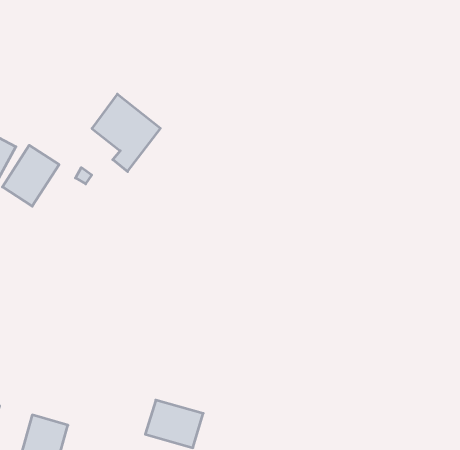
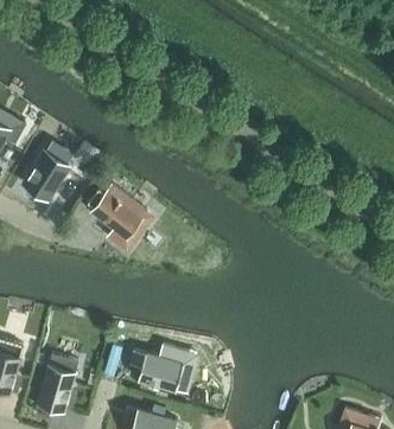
building: [92,94,160,172] -> [91,184,146,245]

